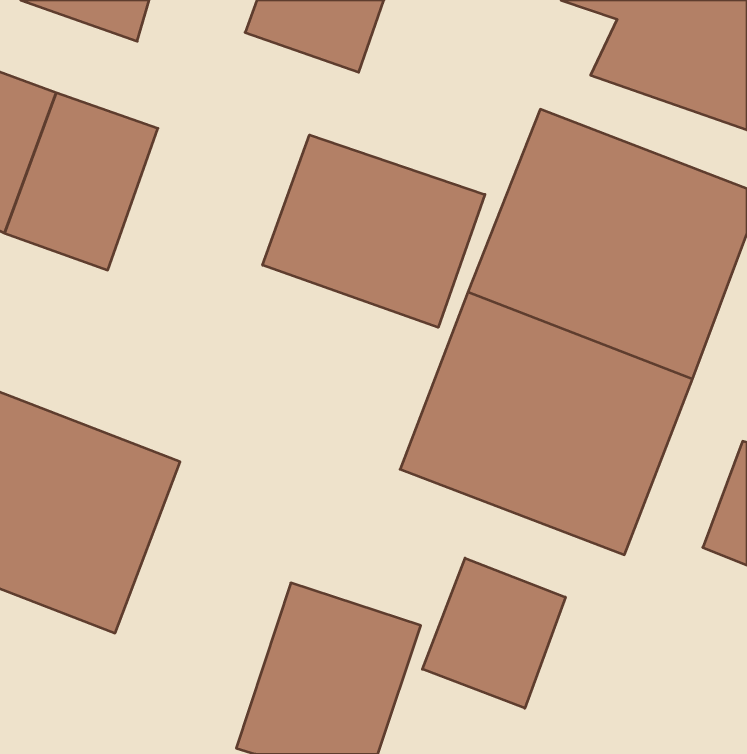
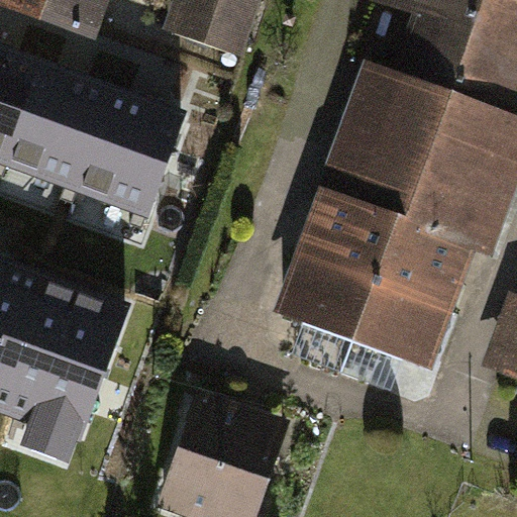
building: none -> [74,88,181,211]
building: [263,135,485,327] -> none
building: [422,558,565,708] -> none

